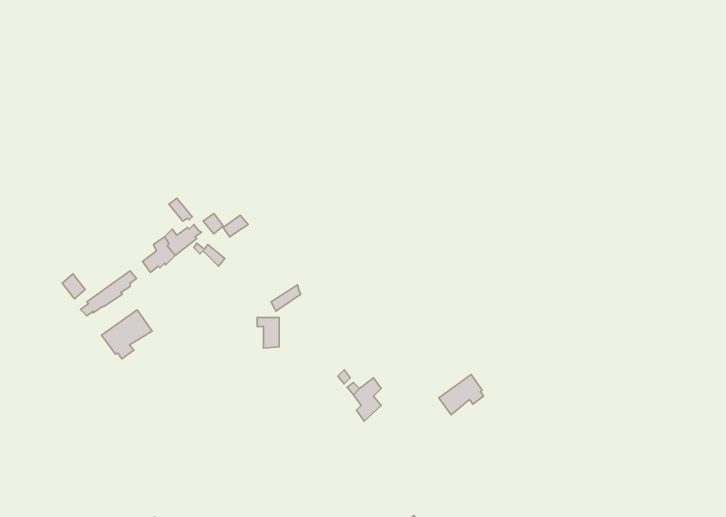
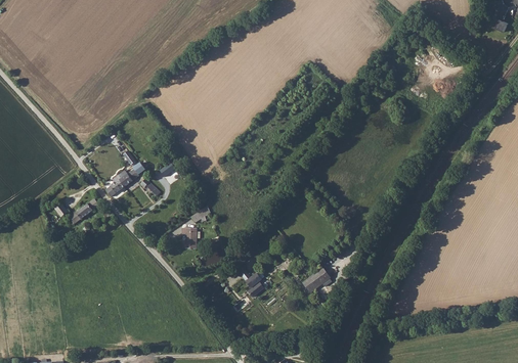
building: [102,310,152,359] -> none

